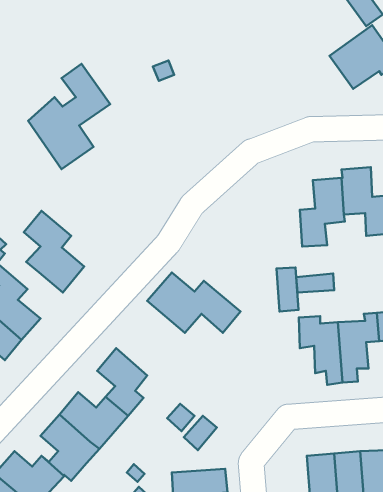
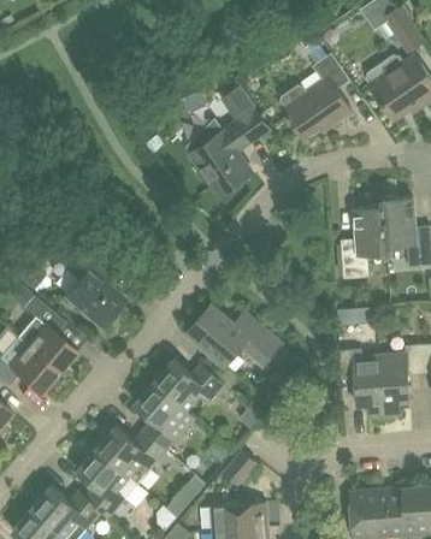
building: none -> [284,52,352,136]
building: [28,64,110,169] -> [187,87,270,194]
building: [276,268,299,311] -> none
building: none -> [154,359,224,409]

